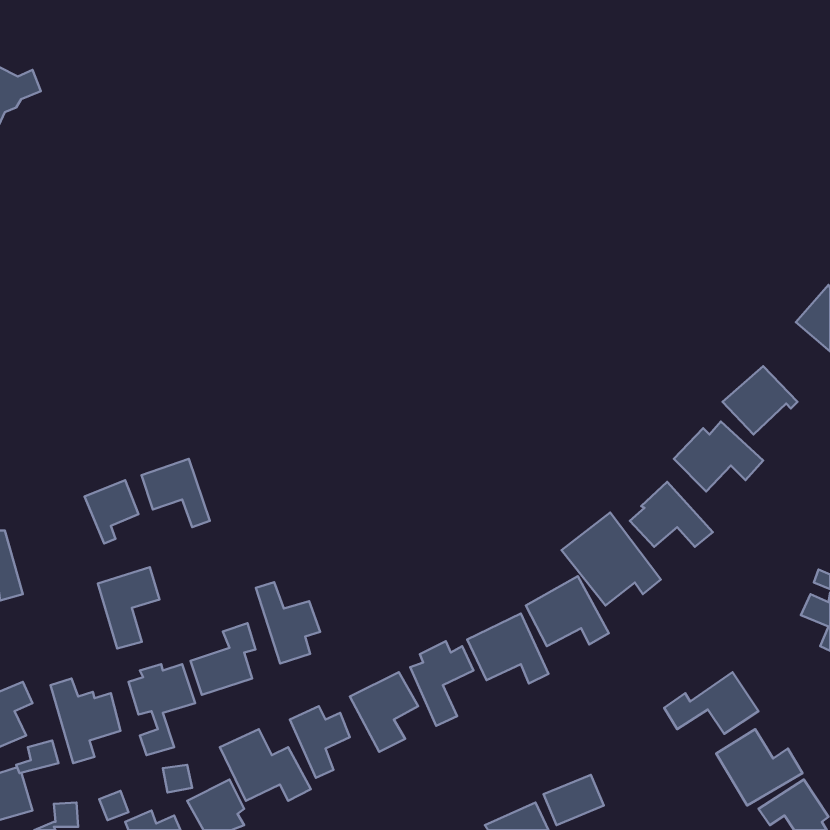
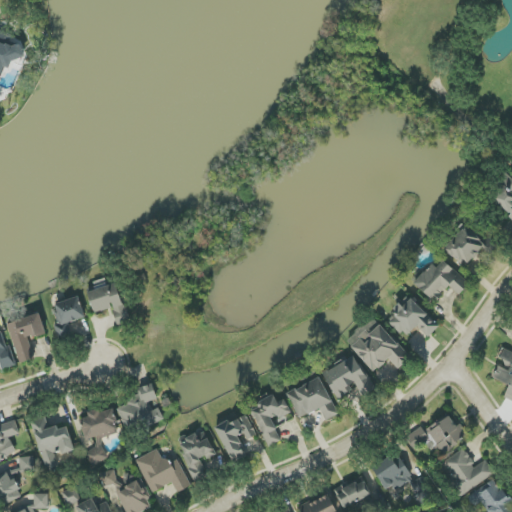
building: [98,567,160,648] -> [7,313,45,363]
building: [256,582,320,664] -> none
building: none -> [373,453,410,489]

